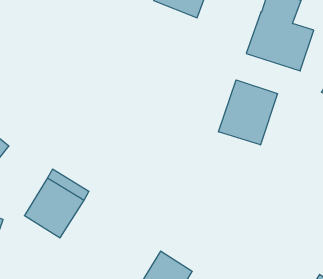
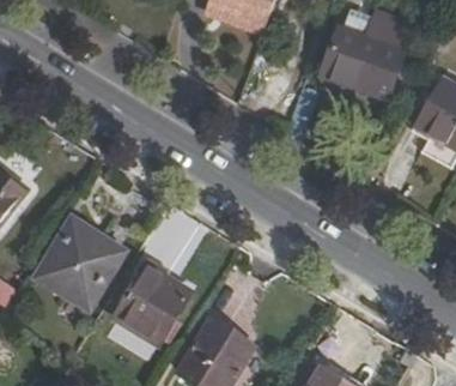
building: [218,80,277,145] -> none
building: none -> [113,263,189,346]

